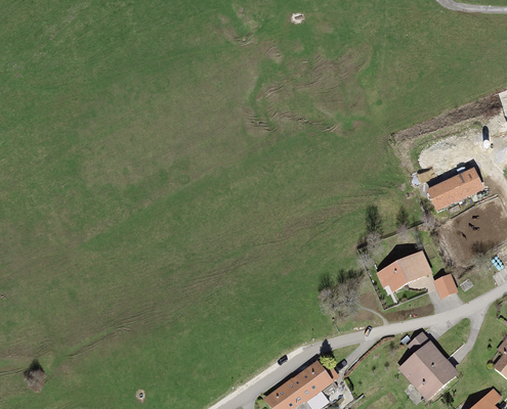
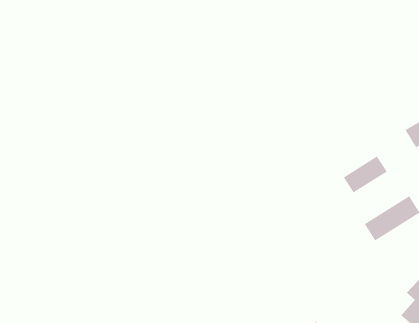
building: none -> [343,155,388,194]

